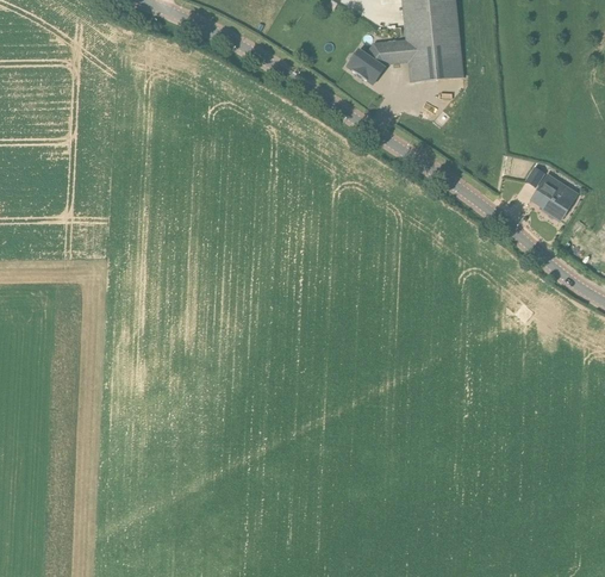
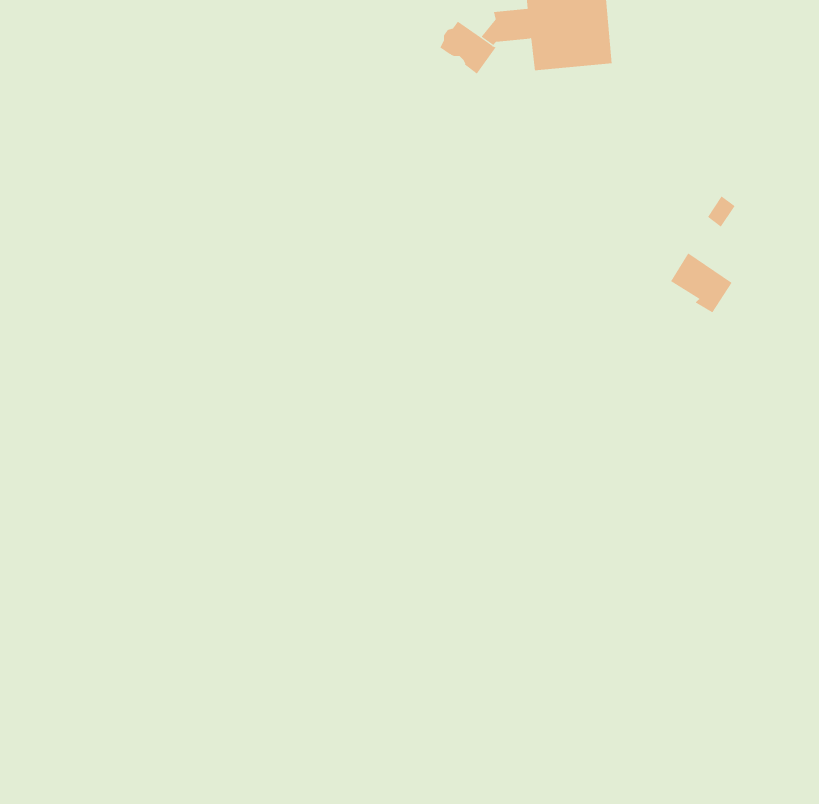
building: [531,178,573,218] -> [670,253,732,313]

